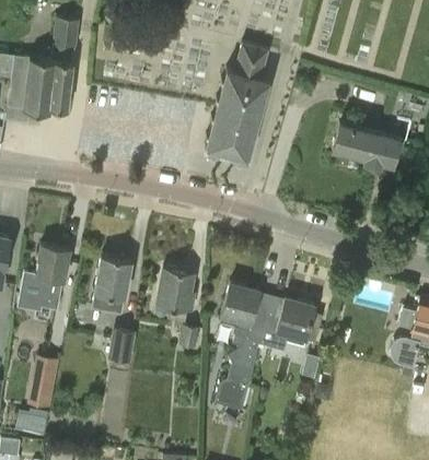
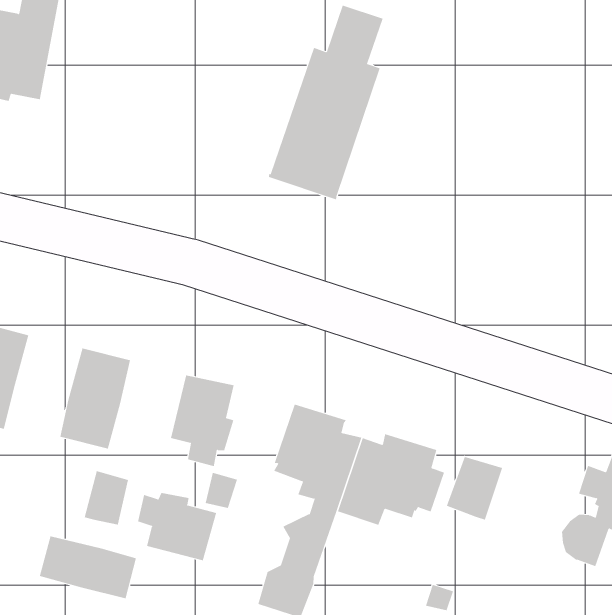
building: [333,123,402,169] -> none
building: none -> [446,456,503,520]
building: none -> [138,492,217,561]
building: none -> [39,535,136,599]

